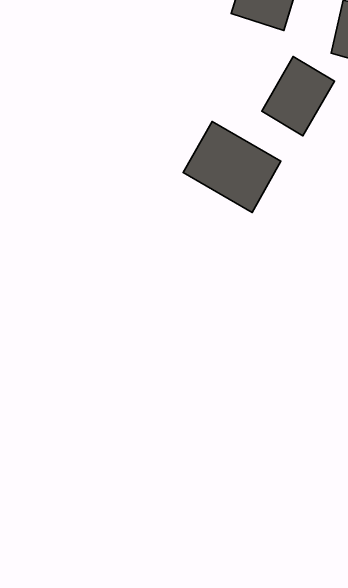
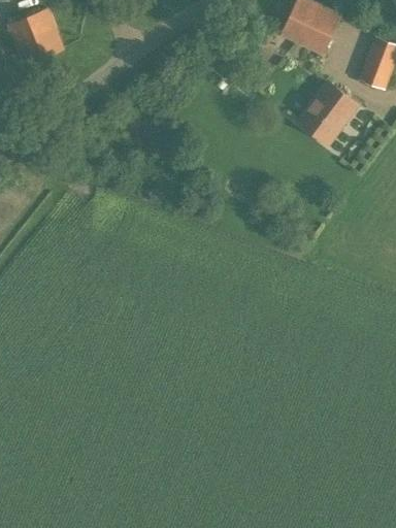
building: [183,121,281,212] -> none

